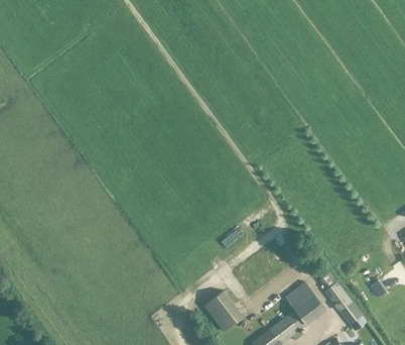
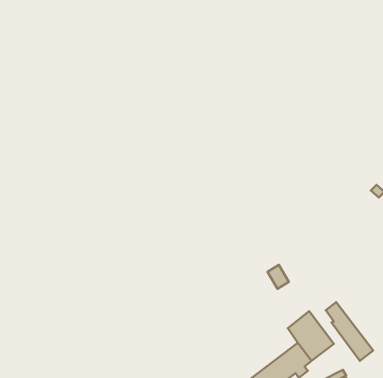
building: [205,291,243,331] -> none

